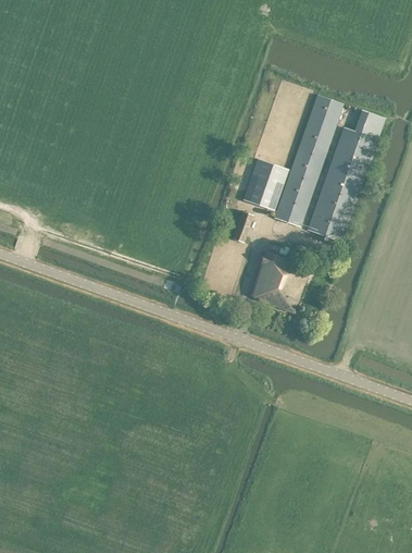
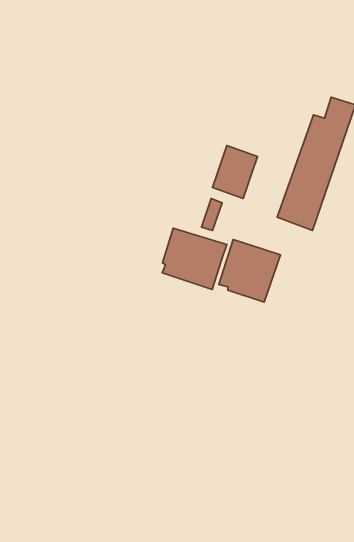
building: [273,93,341,225] -> none
building: none -> [162,228,227,290]

